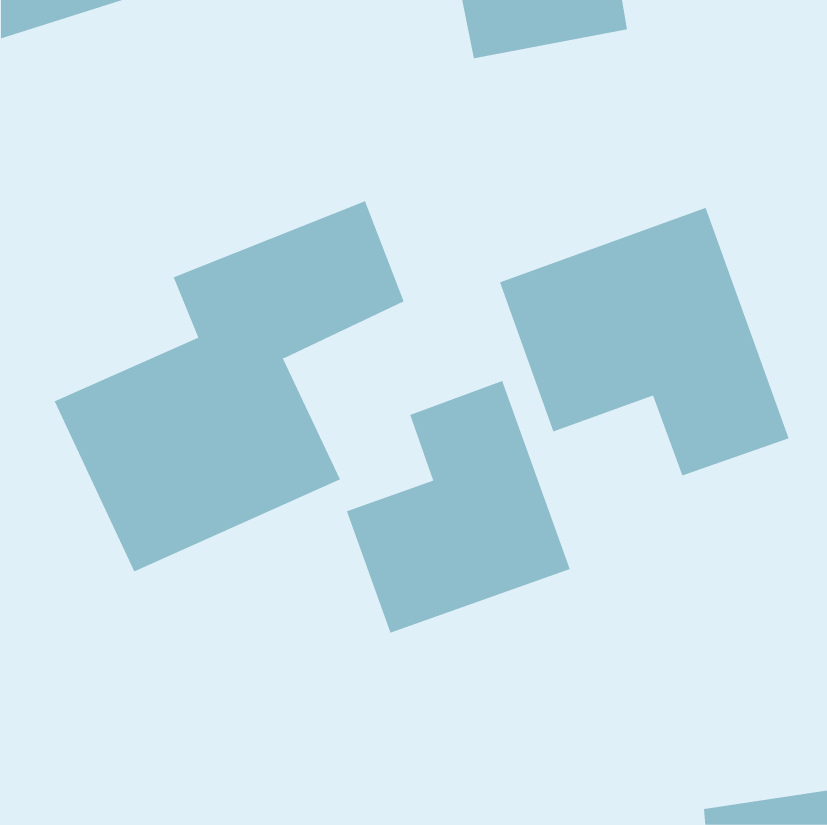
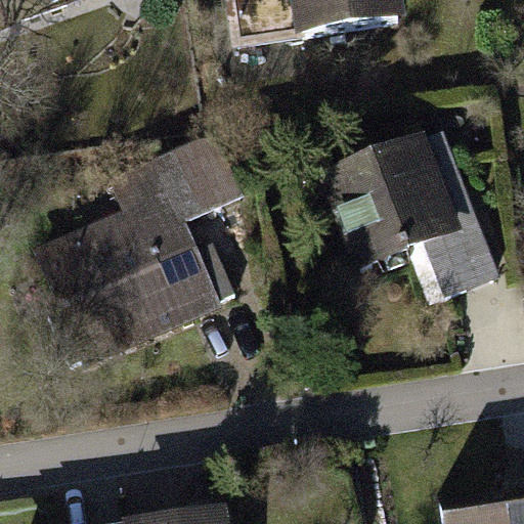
building: [346,380,571,634] -> none

